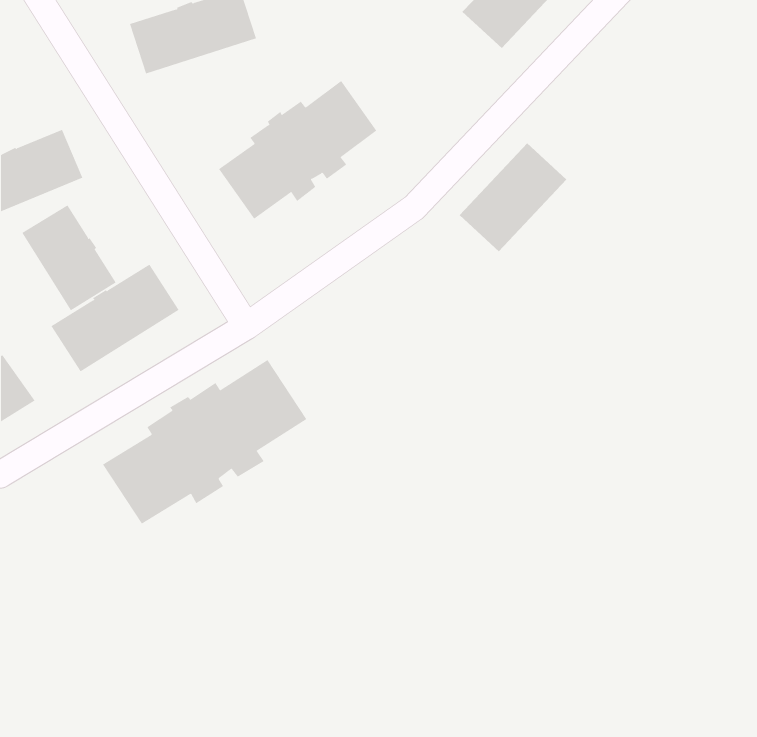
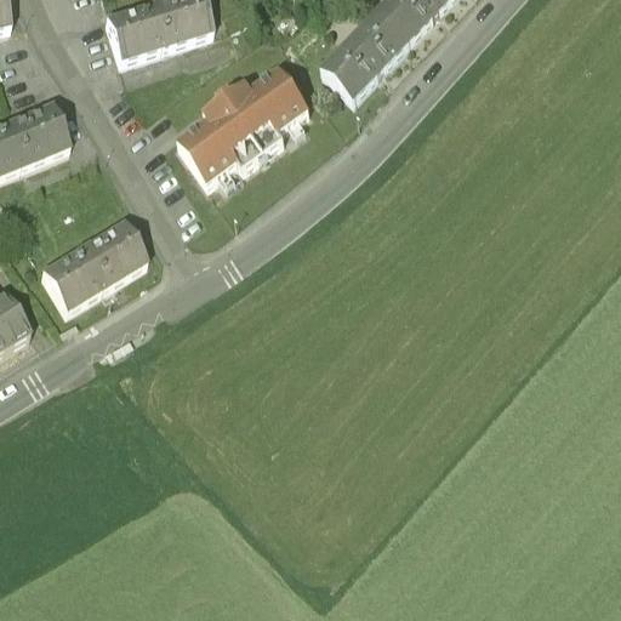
building: [459,143,567,252] -> [323,10,411,99]
building: [21,204,117,311] -> none
building: [102,359,307,525] -> none

